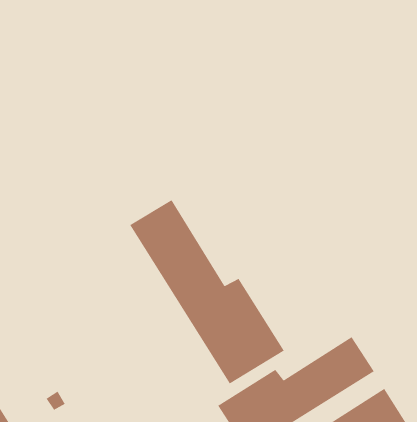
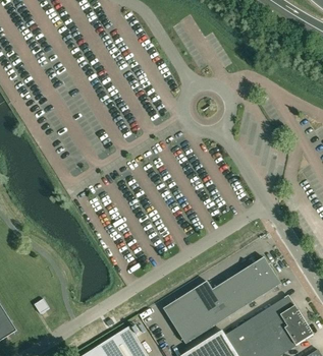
building: [129,199,285,384] -> none

